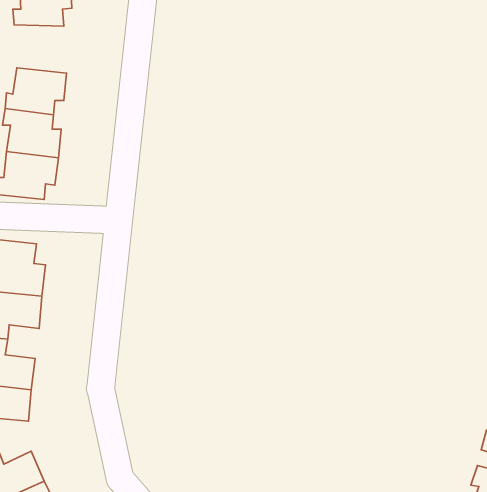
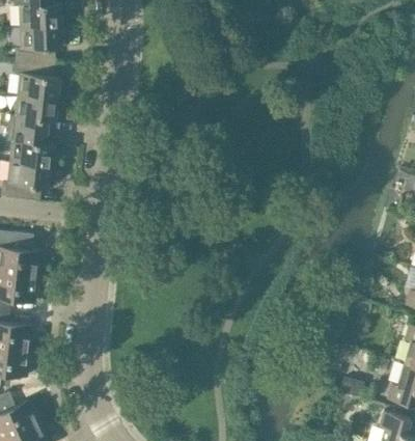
building: none -> [15,59,60,98]

